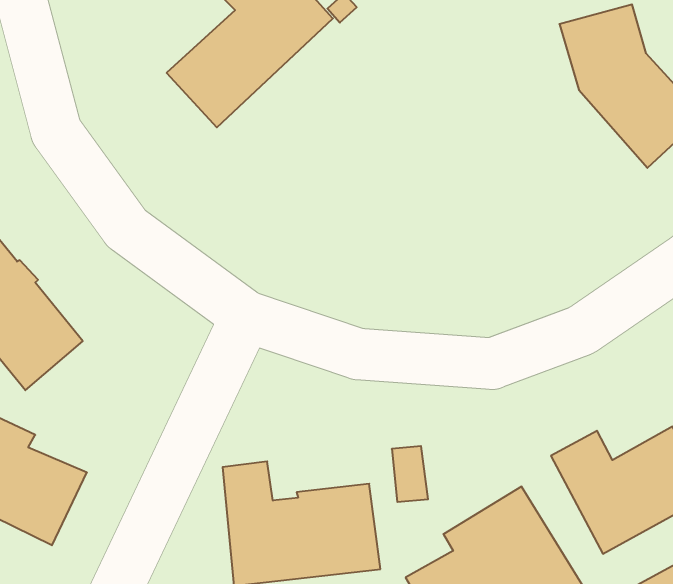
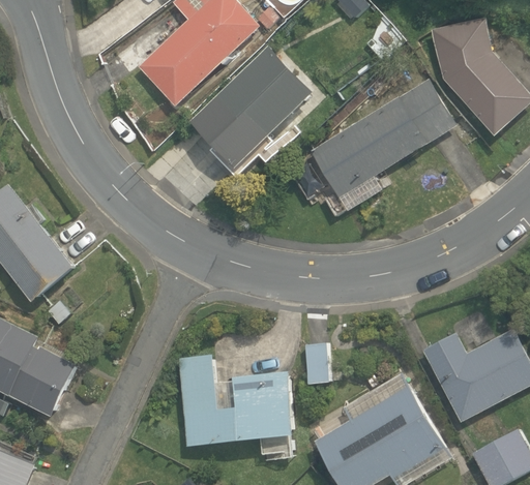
building: none -> [190,44,315,166]
building: none -> [310,80,457,198]

